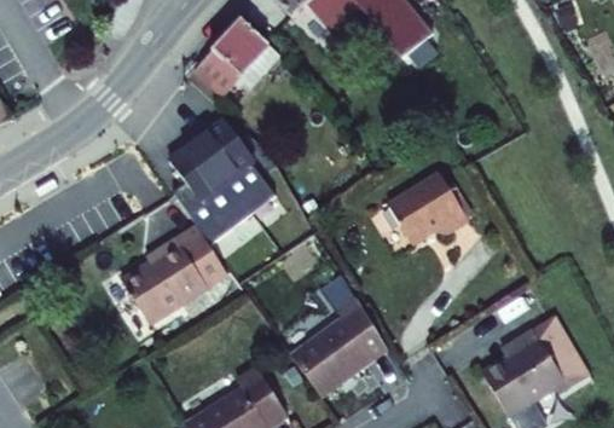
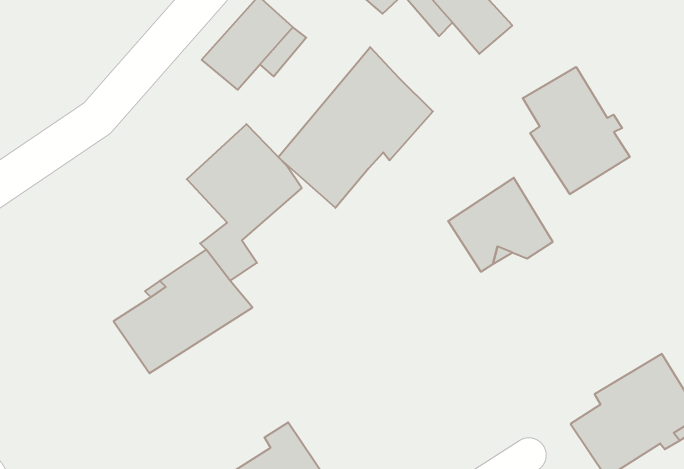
building: none -> [278,47,433,208]
building: none -> [523,67,630,194]
building: [290,294,390,395] -> none

